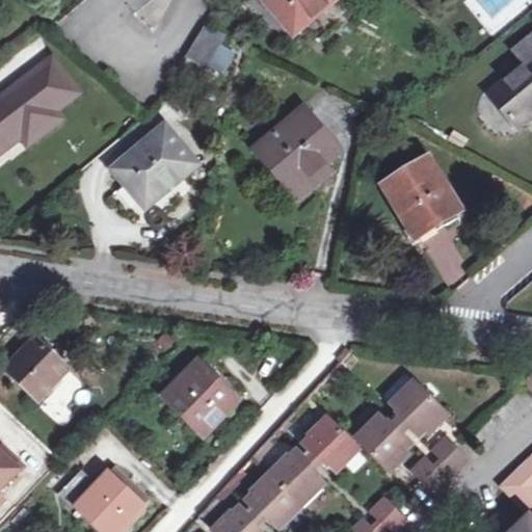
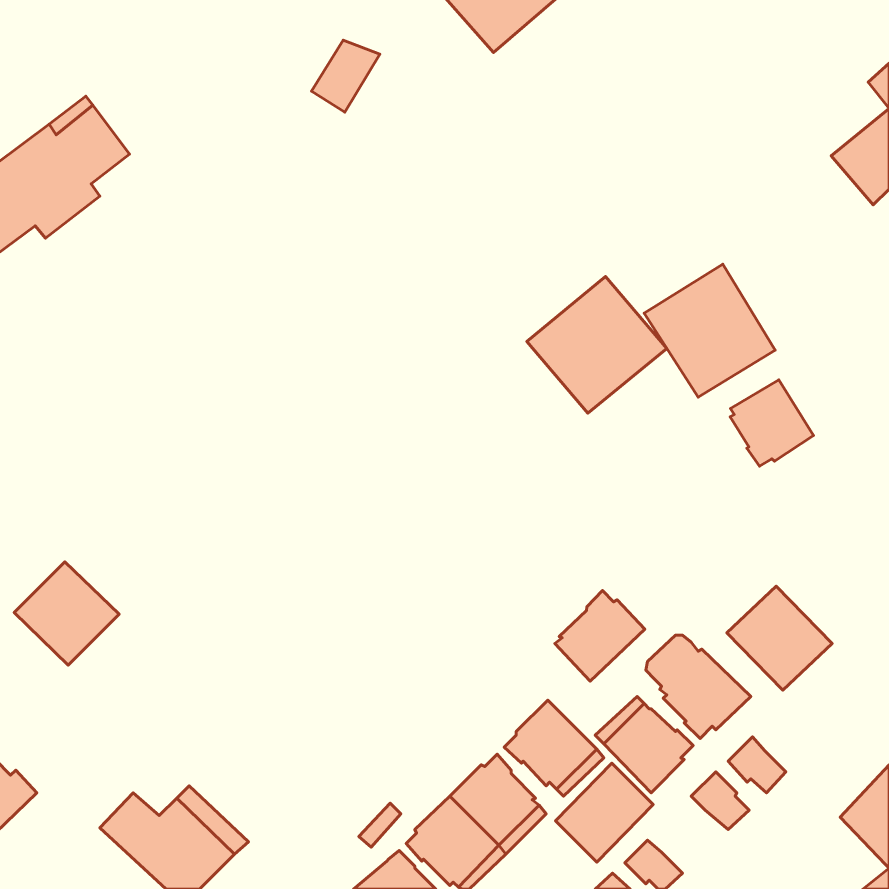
building: [255,109,338,190] -> [527,277,667,413]
building: [113,125,196,200] -> none
building: none -> [730,380,813,466]
building: none -> [727,586,832,690]
building: none -> [555,590,645,681]
building: [161,363,238,436] -> none
building: none -> [555,763,653,862]

